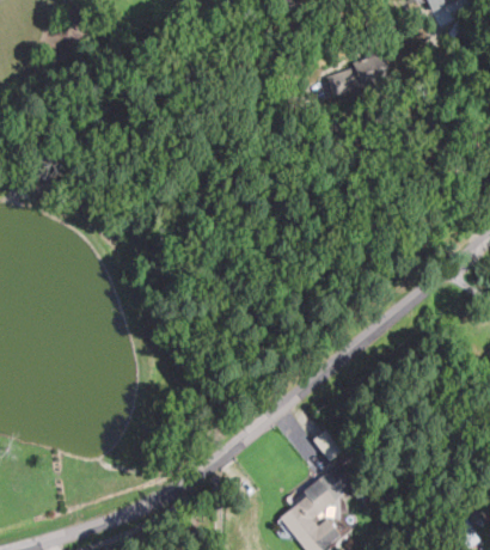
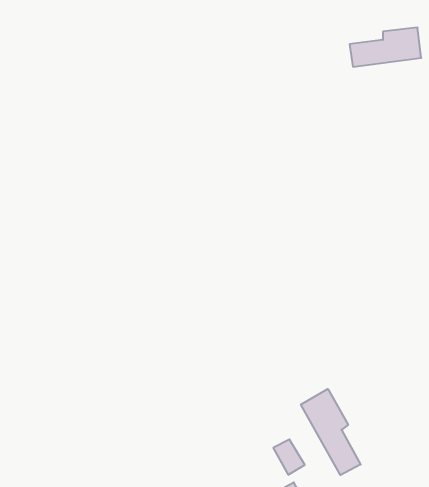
building: none -> [301,389,361,475]

